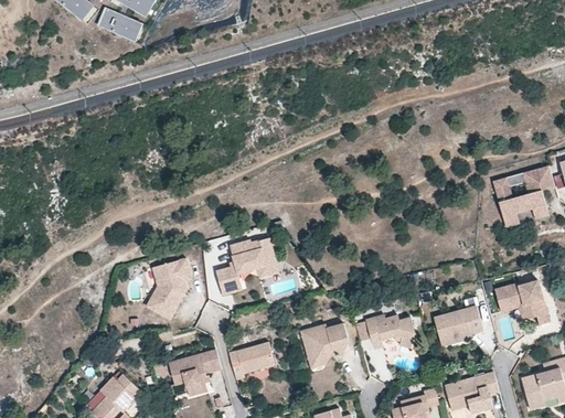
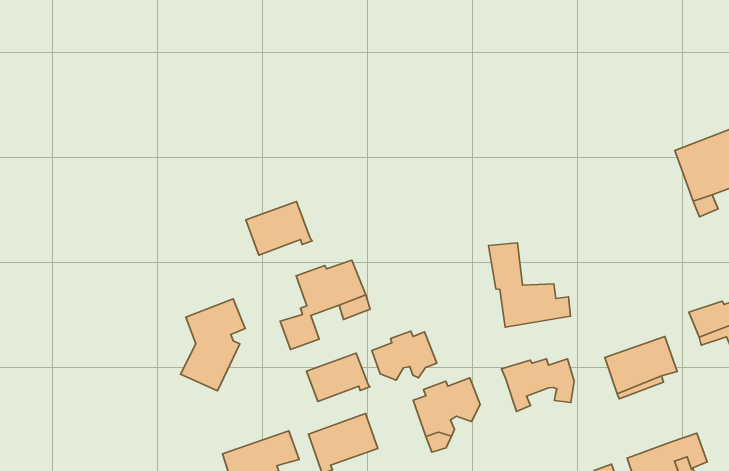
building: none -> [246,202,312,255]
building: none -> [488,243,570,327]
building: none -> [372,331,437,380]
building: none -> [306,353,370,402]

